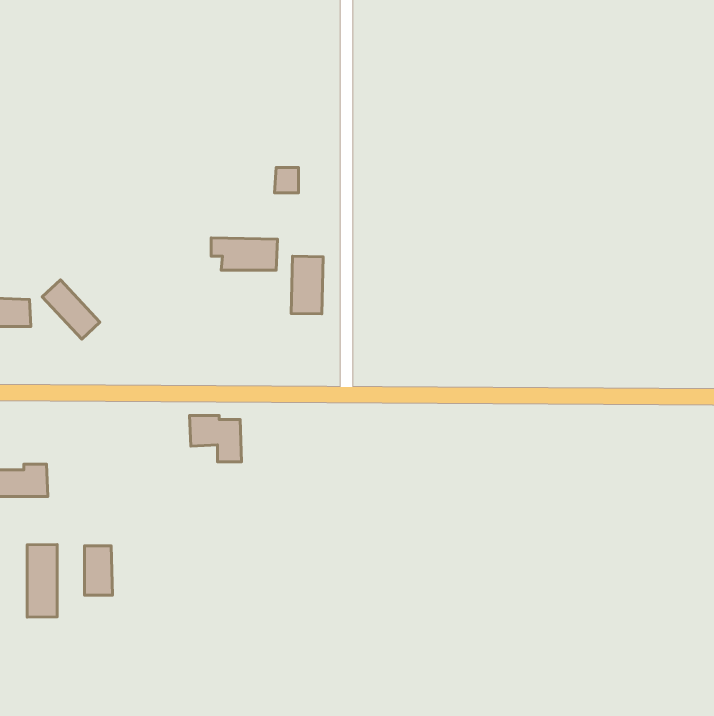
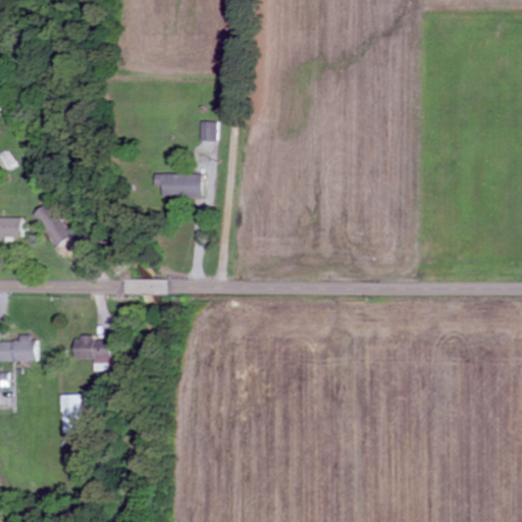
building: [291,256,323,314] -> none
building: [189,415,242,462] -> [72,336,110,370]
building: [27,545,57,617] -> none

